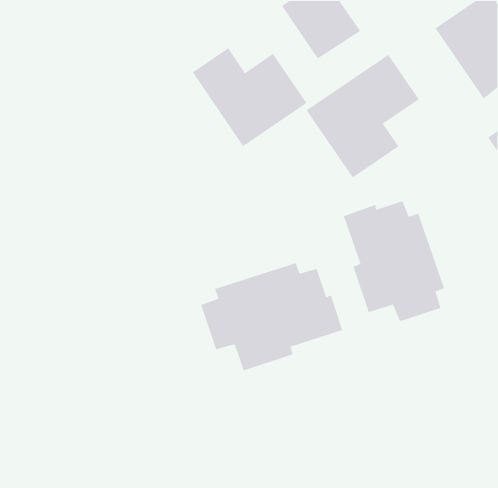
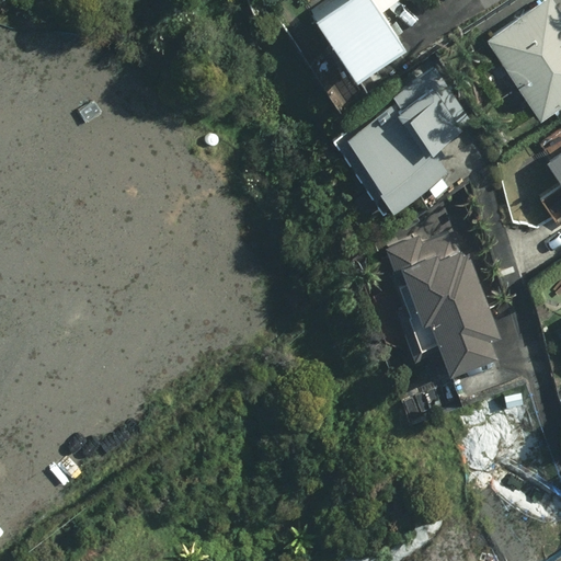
building: [192,47,308,147] -> none
building: [200,262,343,372] -> none

